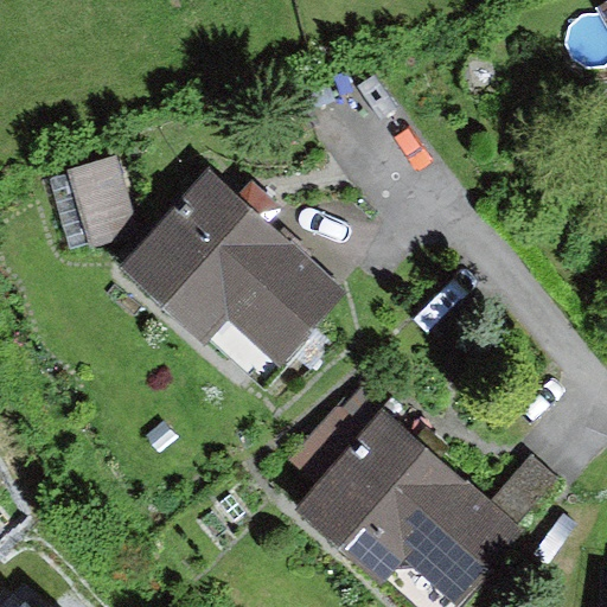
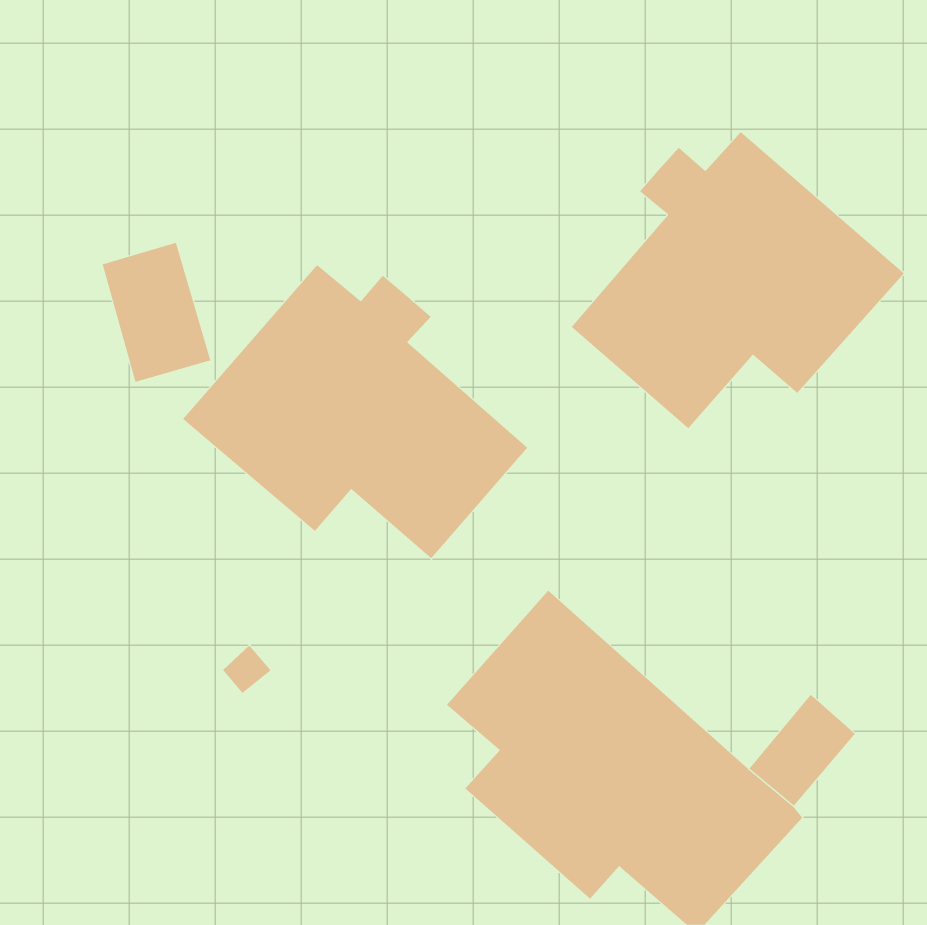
building: none -> [571,131,905,429]

